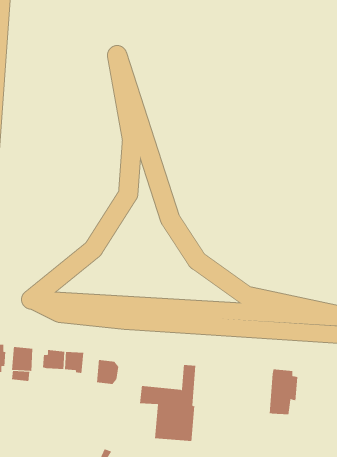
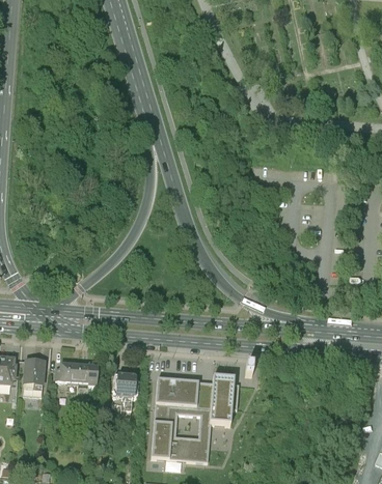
building: none -> [158,375,201,404]
building: [269,369,298,415] -> [212,374,242,422]
building: none -> [154,419,174,455]

